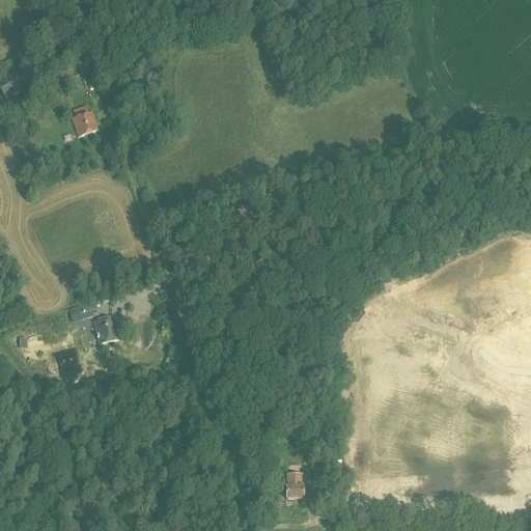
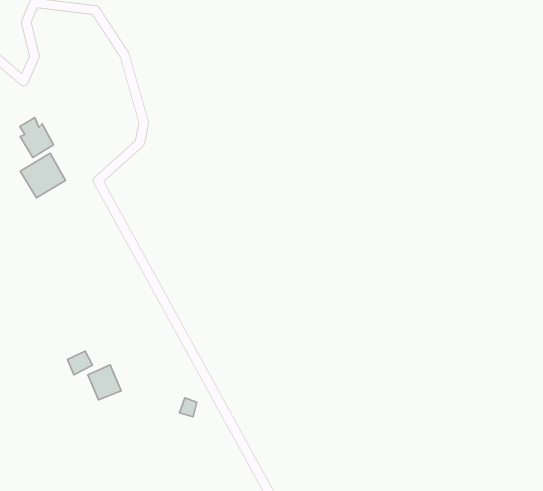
building: none -> [20,153,66,198]

